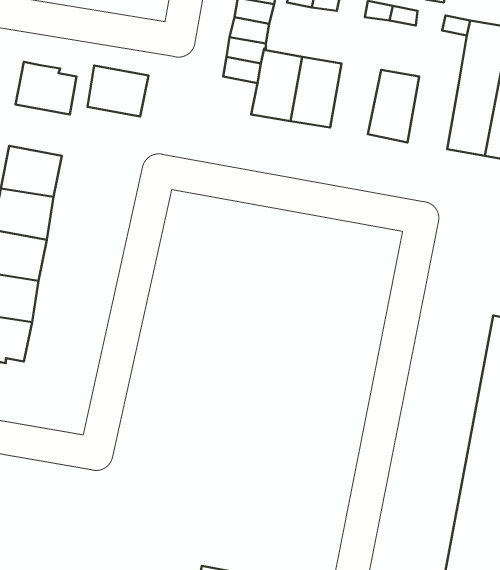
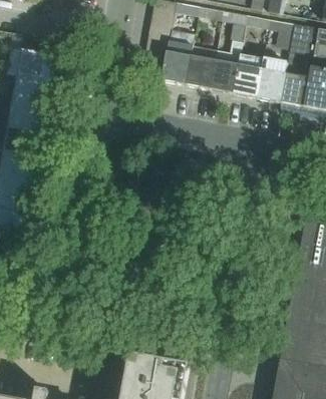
building: none -> [209,39,242,93]
building: [88,66,149,117] -> [13,75,50,106]
building: none -> [256,58,287,102]

